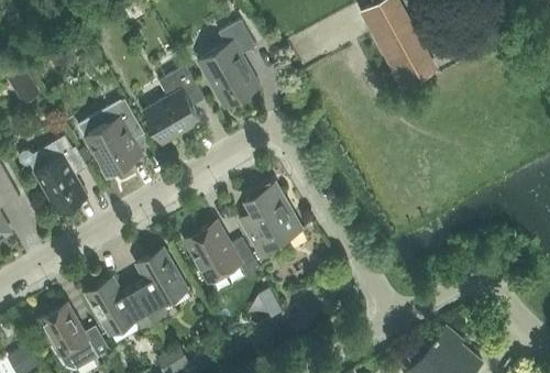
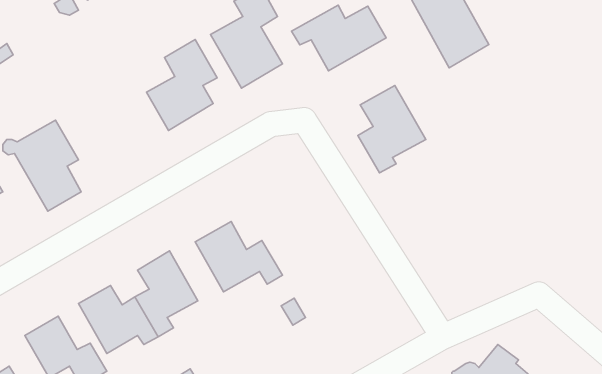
building: none -> [292,5,386,71]
building: [78,99,142,175] -> none
building: [243,184,301,259] -> [358,86,426,173]

